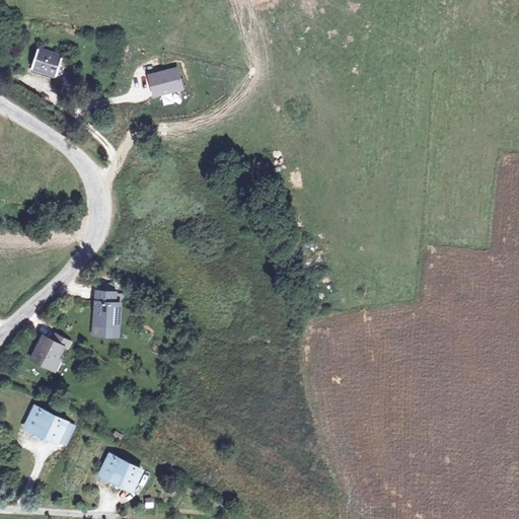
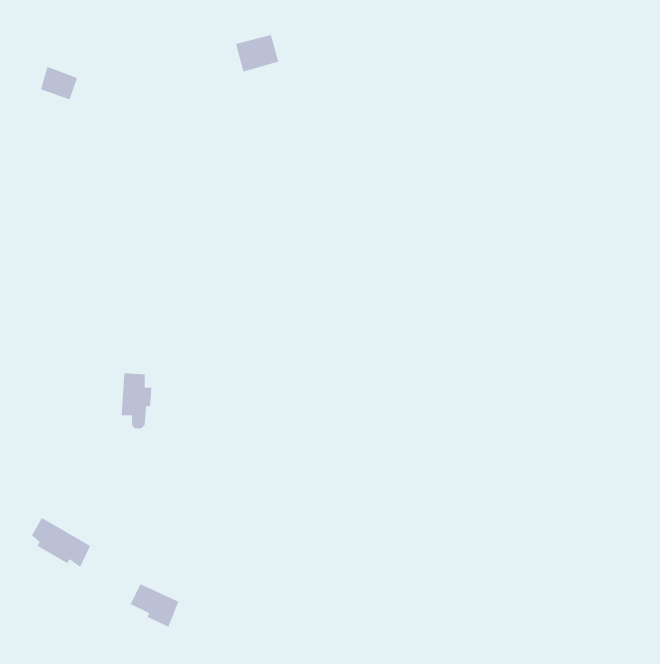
building: [145,68,179,97] -> [235,35,279,72]
building: [33,337,69,367] -> none

